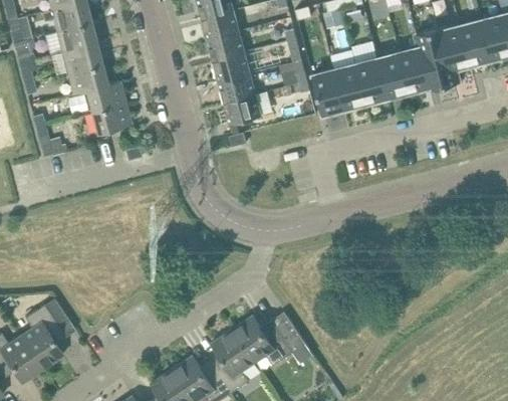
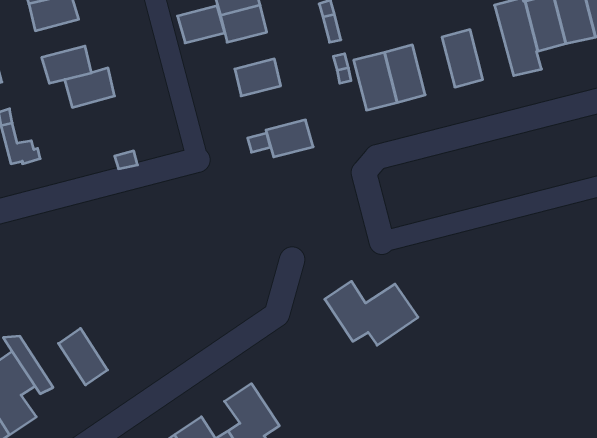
building: [404,31,438,89] -> none
building: [62,42,101,72] -> none
building: [213,52,250,81] -> [177,6,225,43]
building: [358,56,392,102] -> none
building: [224,94,261,124] -> [266,120,313,157]
building: [91,103,131,133] -> none
building: none -> [58,328,108,385]
building: [232,315,305,365] -> [325,281,418,345]

